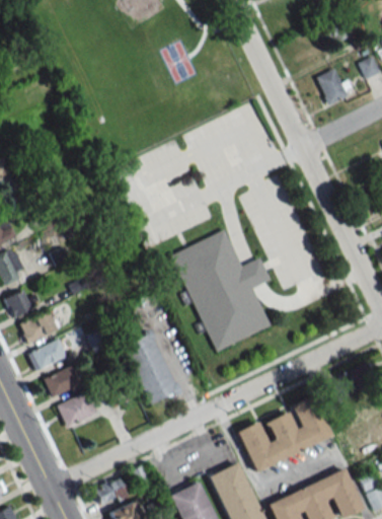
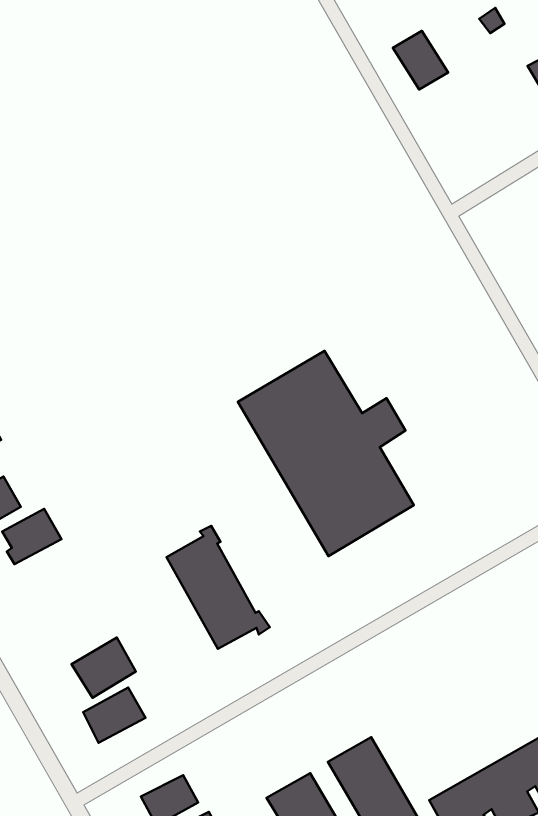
building: [316,69,349,104] -> [393,31,448,90]
building: [30,339,66,369] -> none
building: [44,365,81,397] -> [83,687,145,743]
building: [235,397,334,474] -> none

